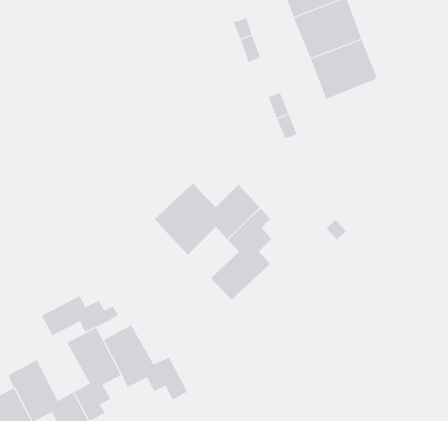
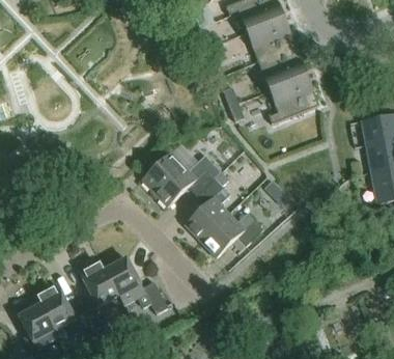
building: none -> [266,75,318,121]
building: none -> [199,211,262,255]
building: [41,295,119,336] -> none

